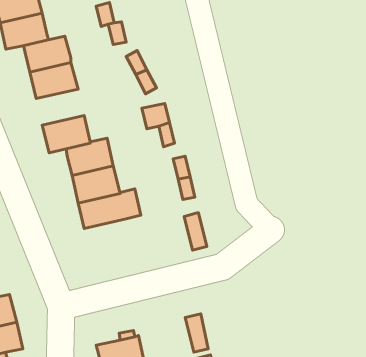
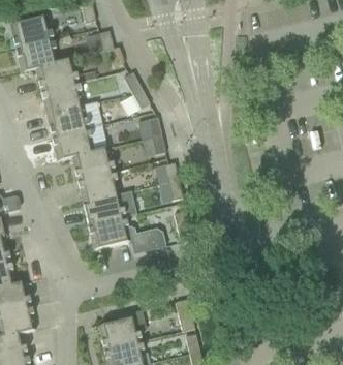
building: none -> [45,101,101,136]
building: none -> [87,217,164,254]

